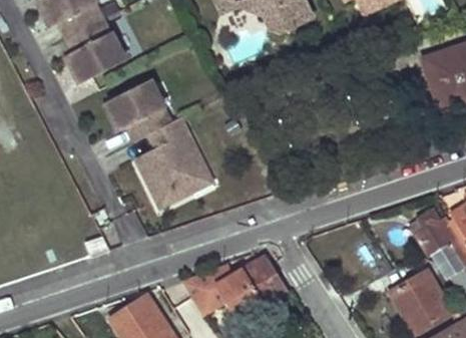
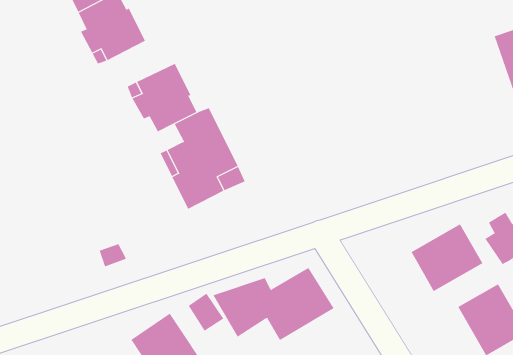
building: none -> [411,223,483,292]

